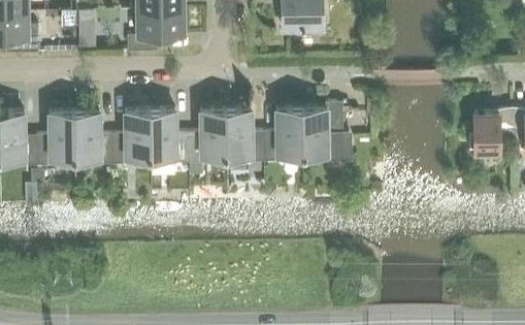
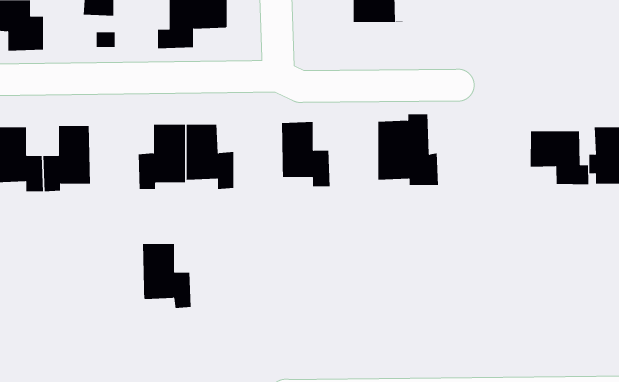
building: [264,108,302,160] -> none
building: [189,109,227,161] -> none
building: [74,111,113,163] -> [142,243,192,309]
building: none -> [530,130,589,185]

